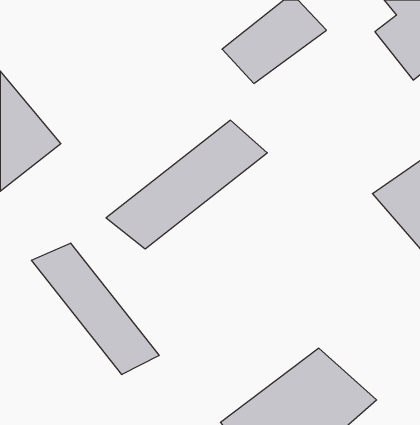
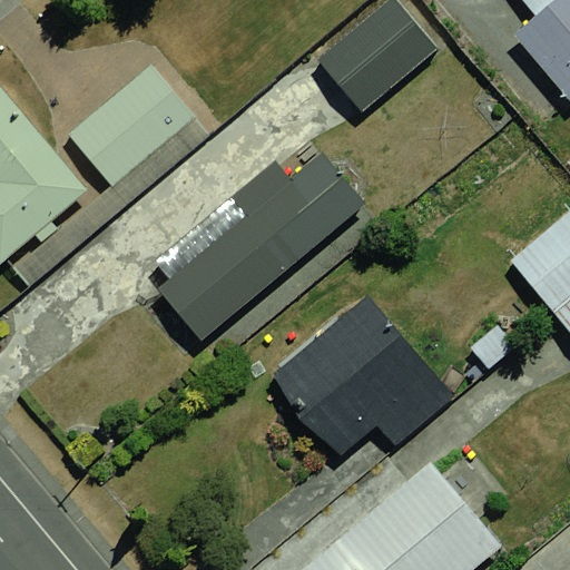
building: none -> [67,65,190,181]
building: none -> [271,294,445,468]
building: [31,243,159,375] -> none

